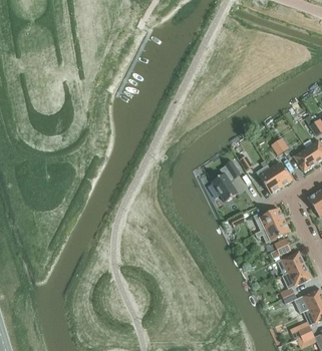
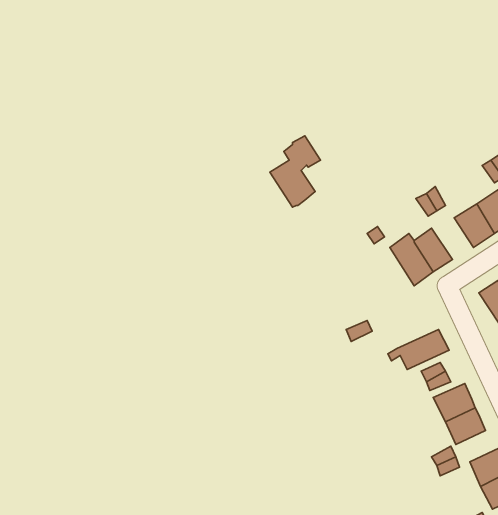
building: [212,159,241,201] -> [270,136,321,207]
building: [253,207,284,230] -> none

